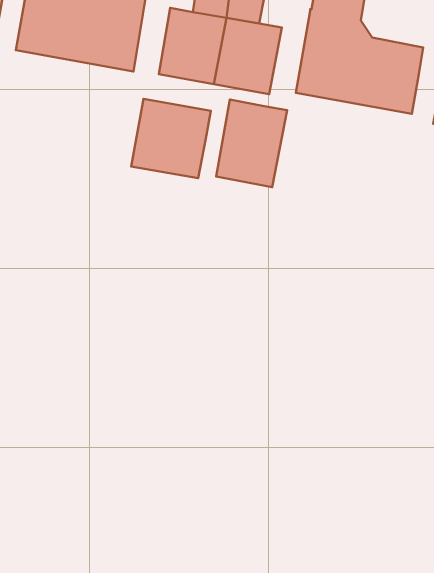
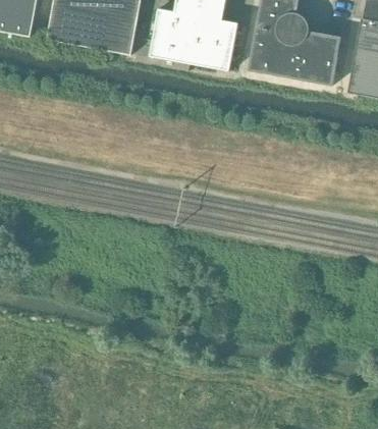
building: [131,99,211,178] -> none
building: [216,99,287,187] -> none

